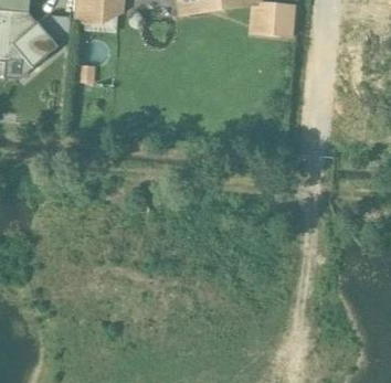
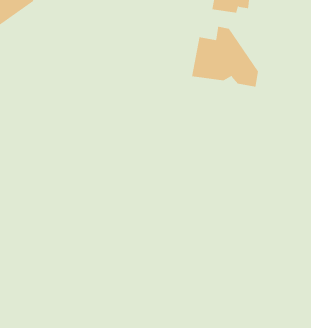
building: none -> [192,26,259,88]

